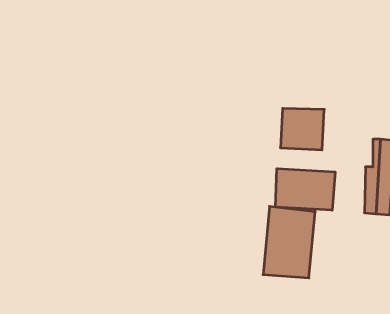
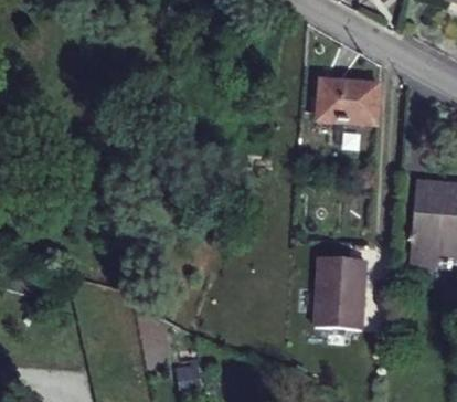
building: [280,108,324,150] -> [333,82,379,125]
building: [276,169,335,210] -> none

